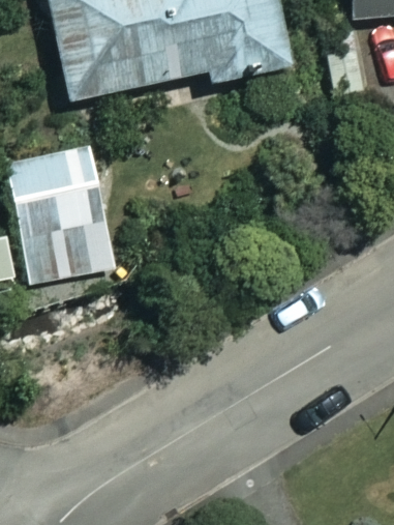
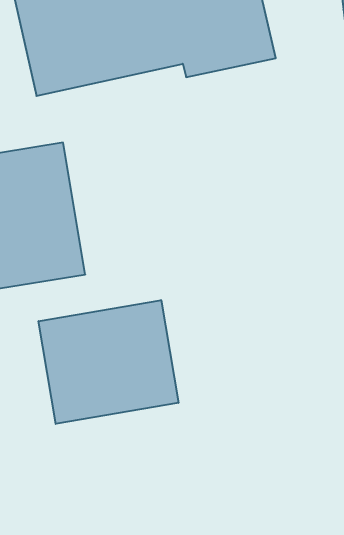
building: none -> [39,300,178,424]

